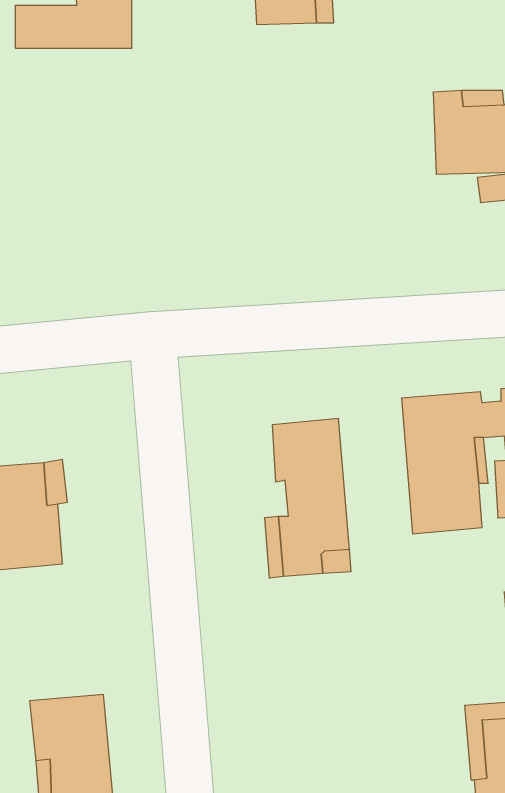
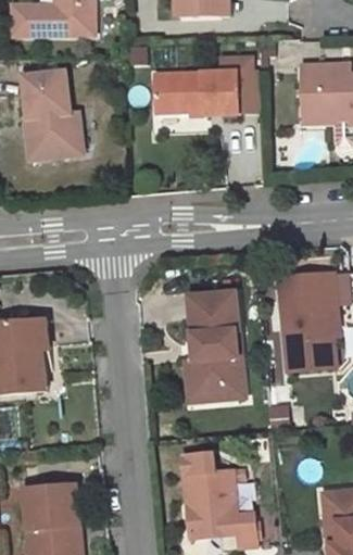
building: none -> [154,59,253,115]
building: none -> [22,72,73,161]
building: none -> [181,451,256,544]

